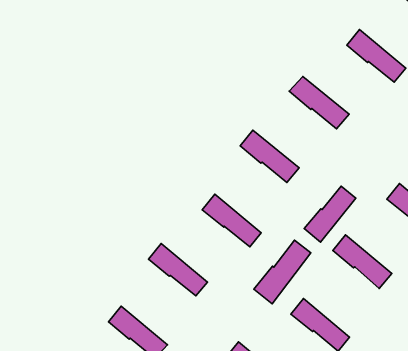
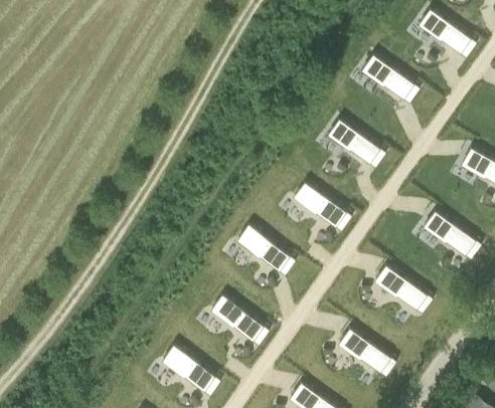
building: [304,186,356,242] -> none
building: [254,240,311,304] -> none

